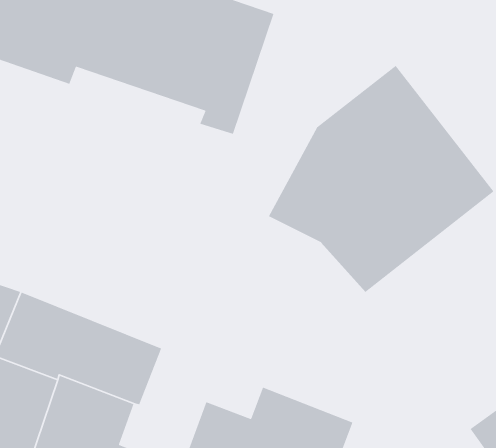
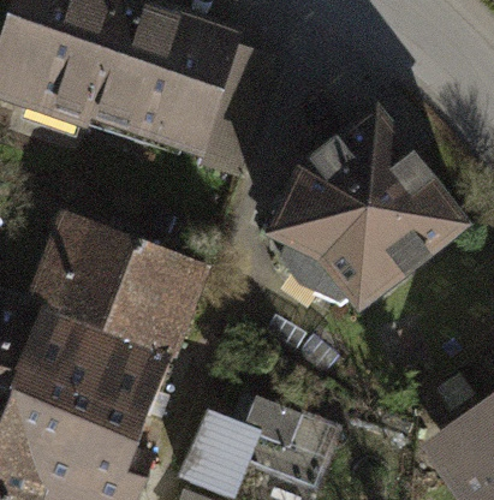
building: none -> [41,218,202,352]

